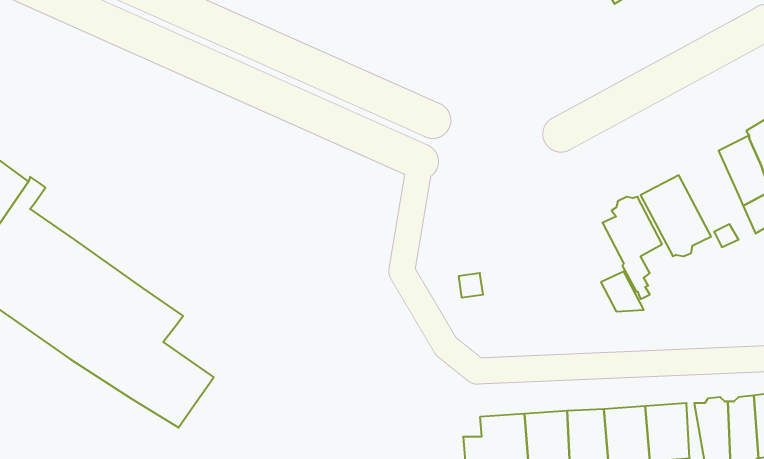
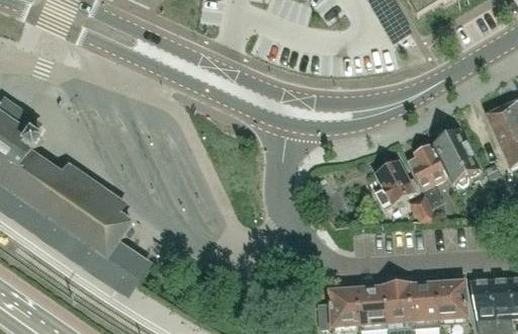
building: none -> [374,160,419,202]

